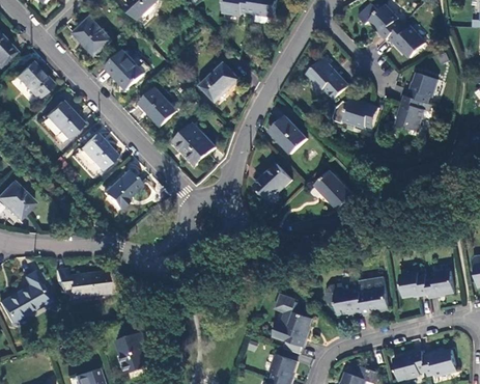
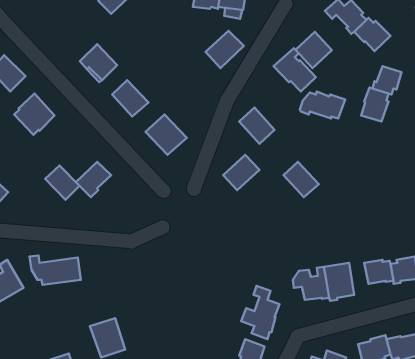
building: [74,17,112,55] -> none
building: none -> [296,32,332,68]
building: [200,63,239,102] -> [205,31,244,68]
building: [78,134,113,169] -> [45,166,80,200]

